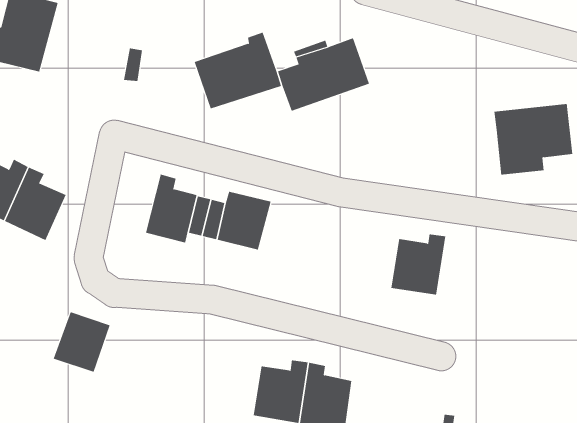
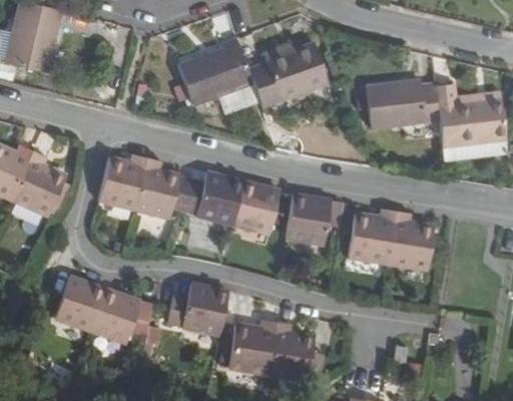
building: none -> [366,79,438,128]
building: none -> [99,155,147,210]
building: none -> [232,182,280,234]
building: none -> [286,195,331,245]
building: none -> [387,213,434,271]
building: none -> [166,285,228,335]
building: none -> [90,290,140,343]

